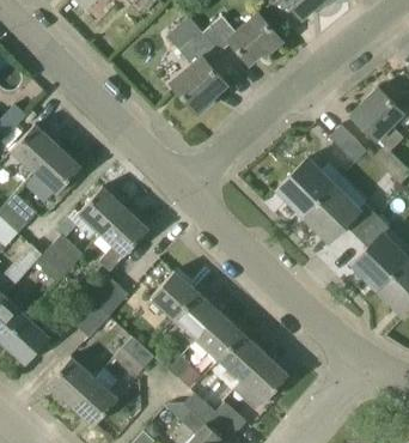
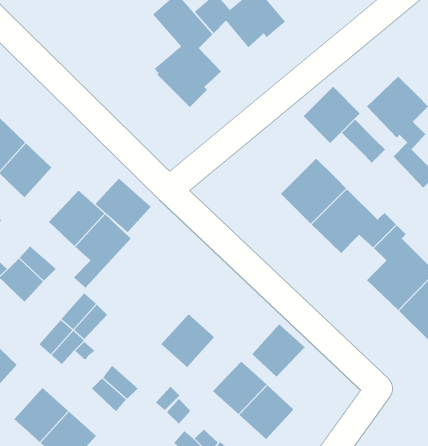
building: none -> [303,86,360,144]
building: none -> [95,178,152,233]
building: [149,271,197,318] -> none
building: [196,312,243,359] -> [251,323,306,378]

